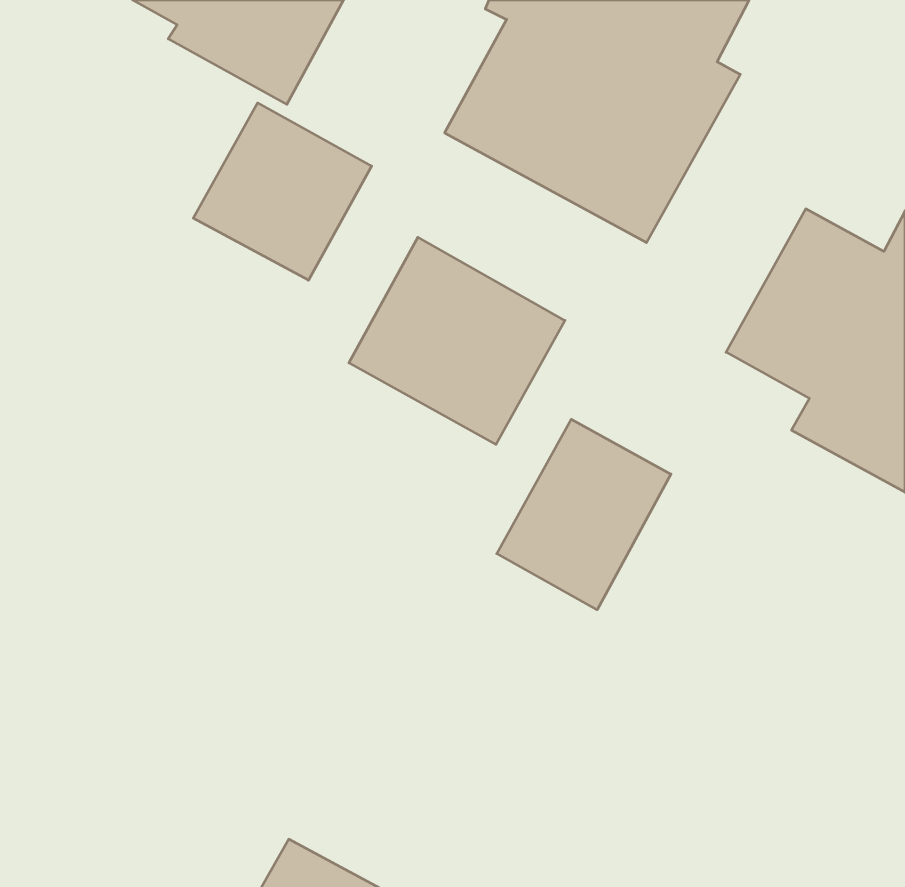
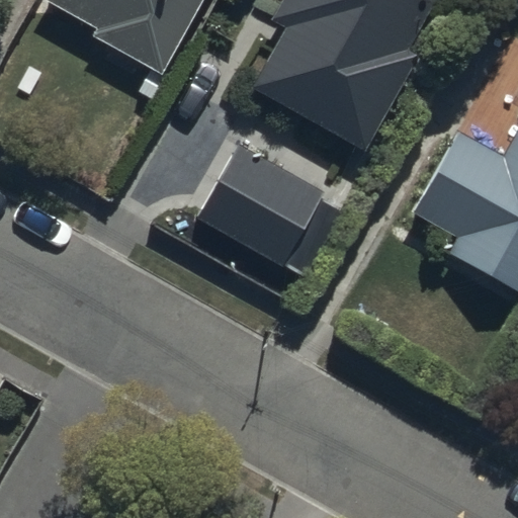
building: [193,103,372,280] -> none
building: [497,419,671,610] -> none

